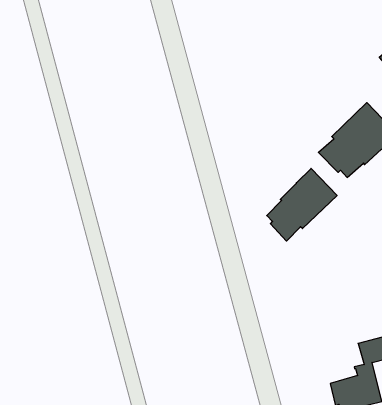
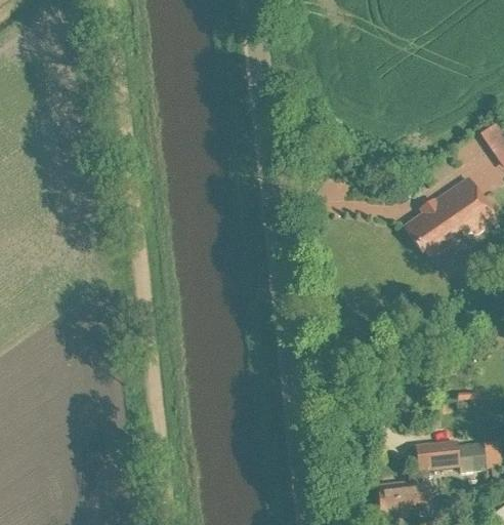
building: [267,168,337,241] -> none

